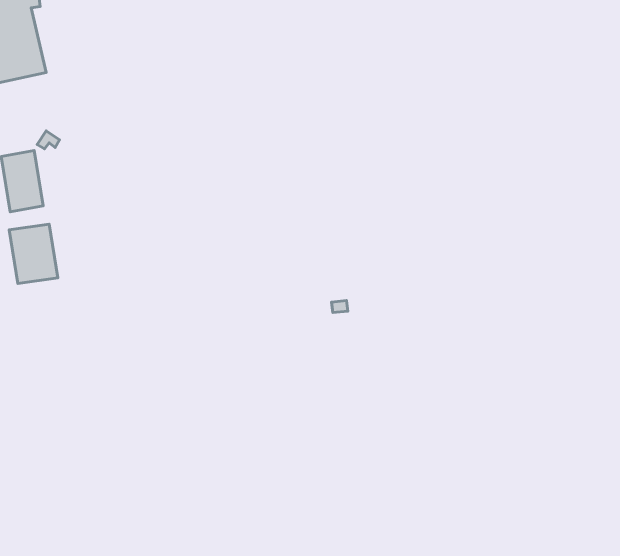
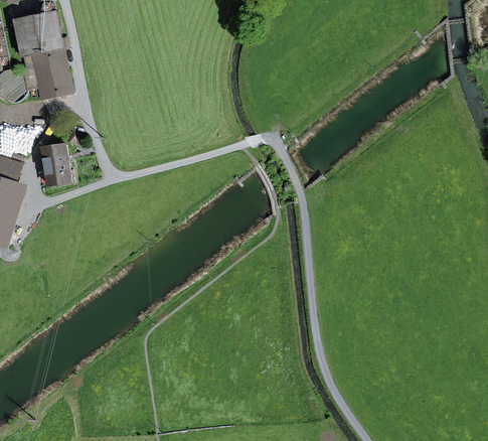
building: [9,224,58,284] -> none

